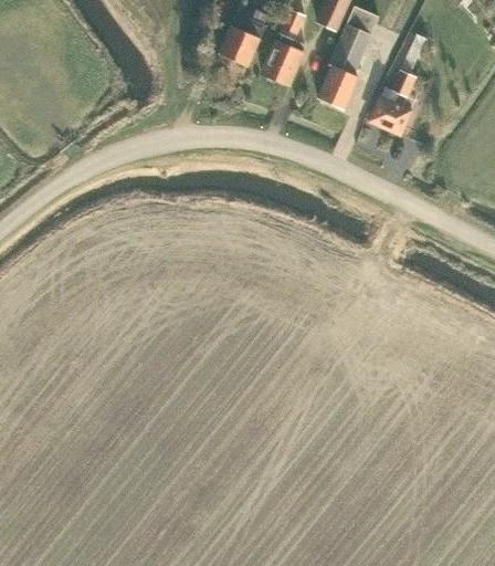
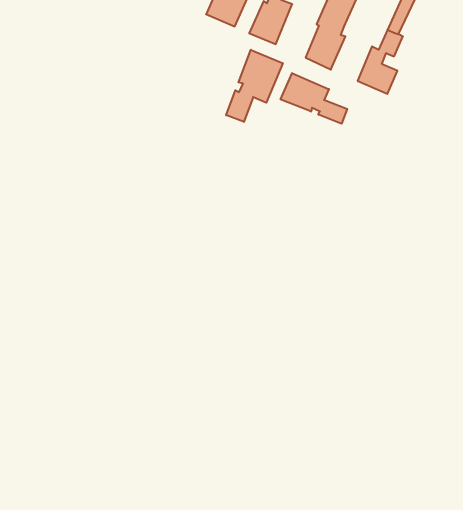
building: none -> [226,50,283,122]
building: none -> [281,73,347,124]

